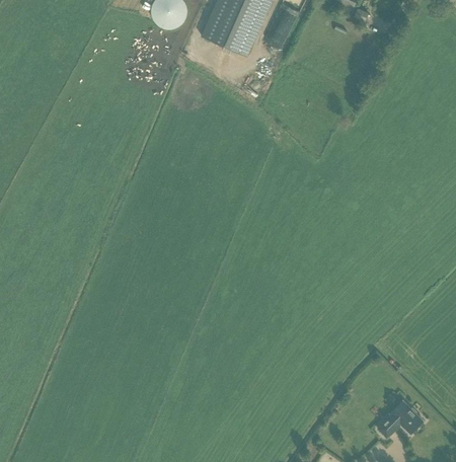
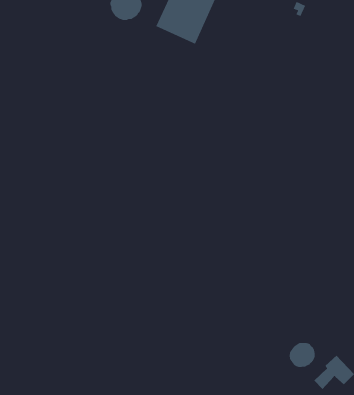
building: none -> [289,342,316,368]

